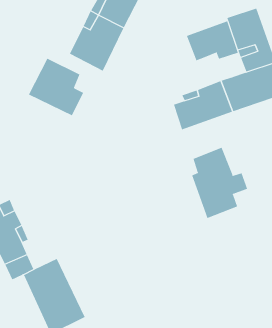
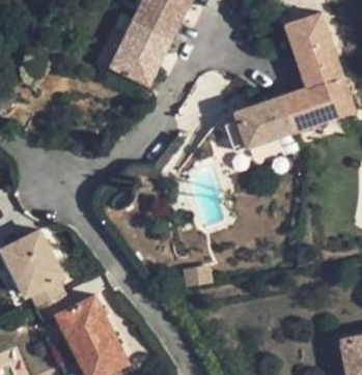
building: [186,21,238,61] -> none
building: [28,58,84,116] -> none
building: [192,147,248,219] -> none

